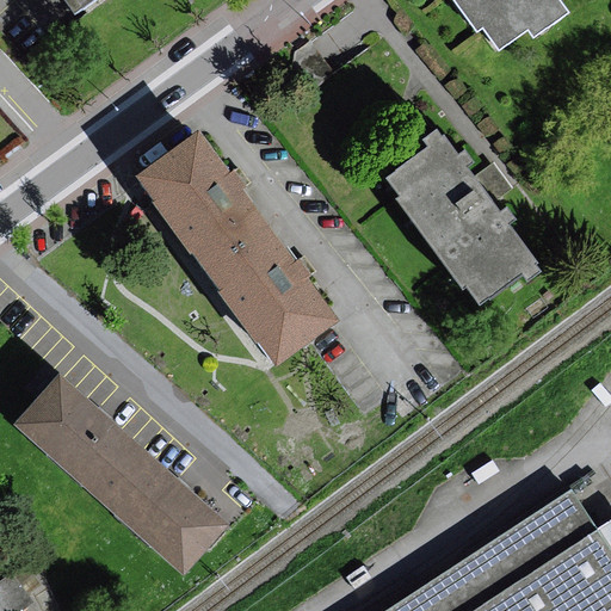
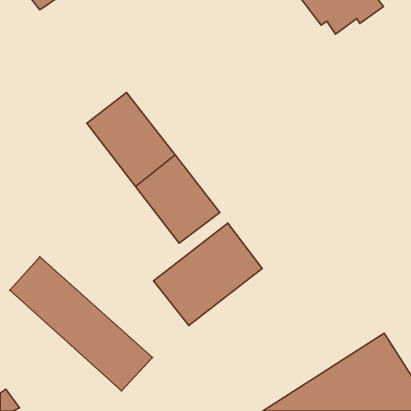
building: [393,130,549,308] -> none
building: none -> [153,223,262,326]

